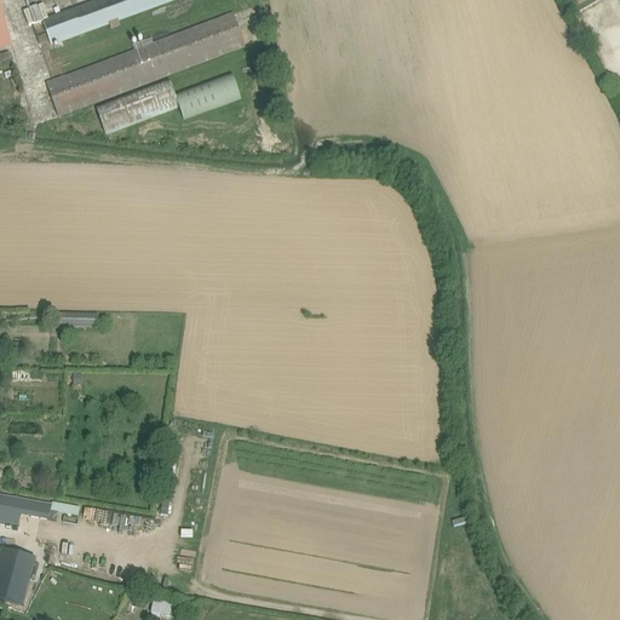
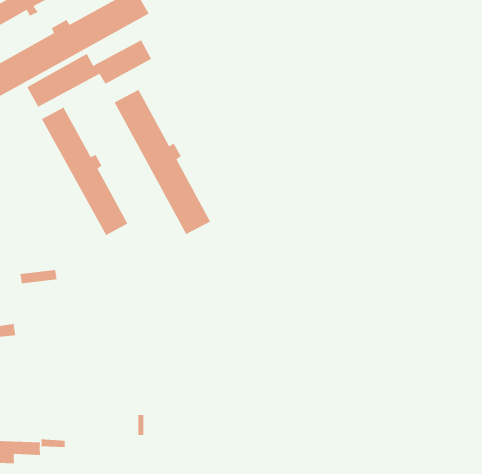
building: none -> [114,89,211,235]
building: none -> [41,107,129,236]

